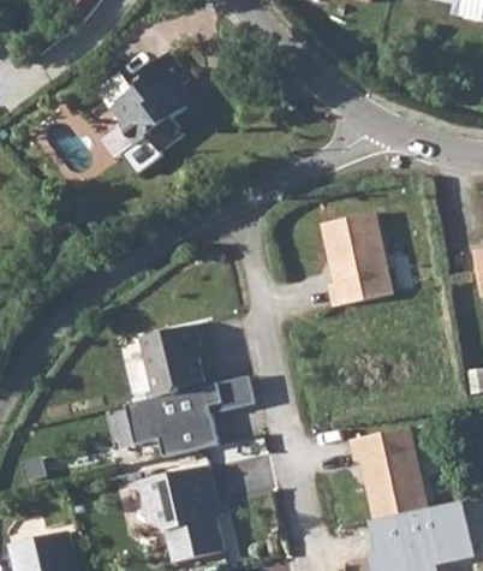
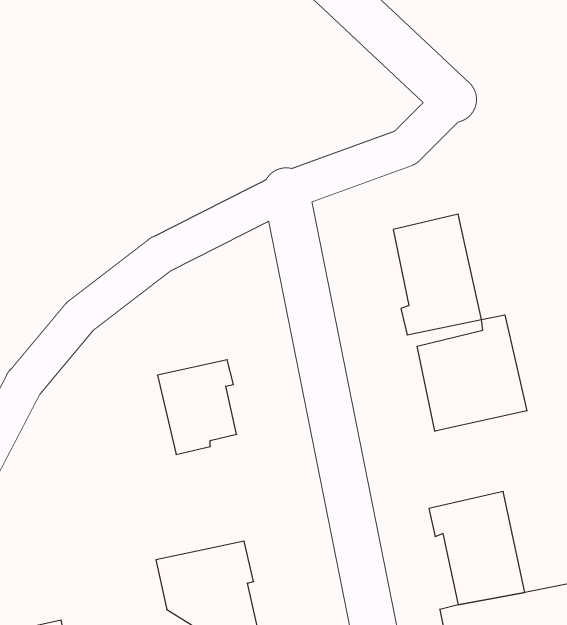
building: [112,50,189,155] -> none
building: none -> [417,315,527,431]
building: [124,371,255,459] -> none

